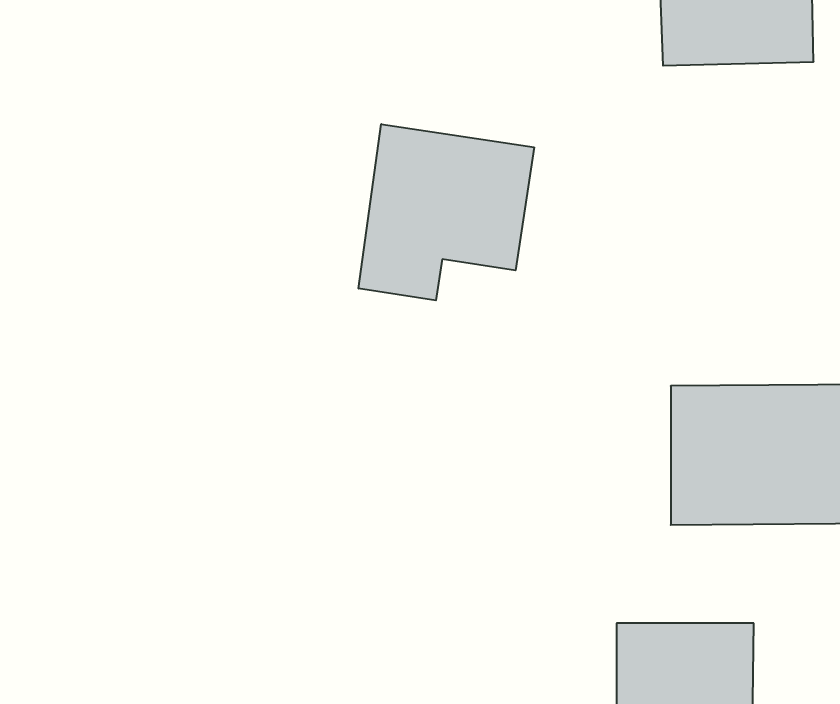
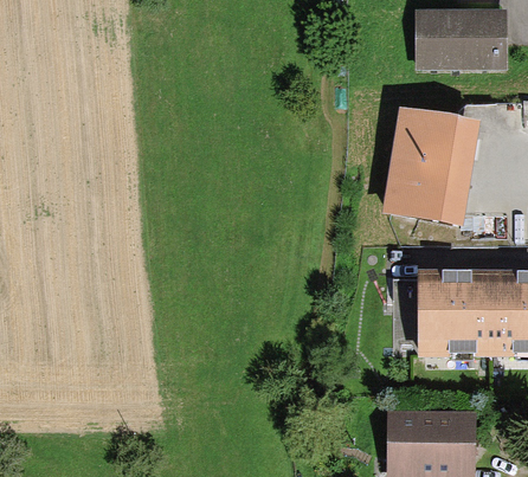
building: none -> [385,108,478,223]
building: [359,124,534,300] -> none

